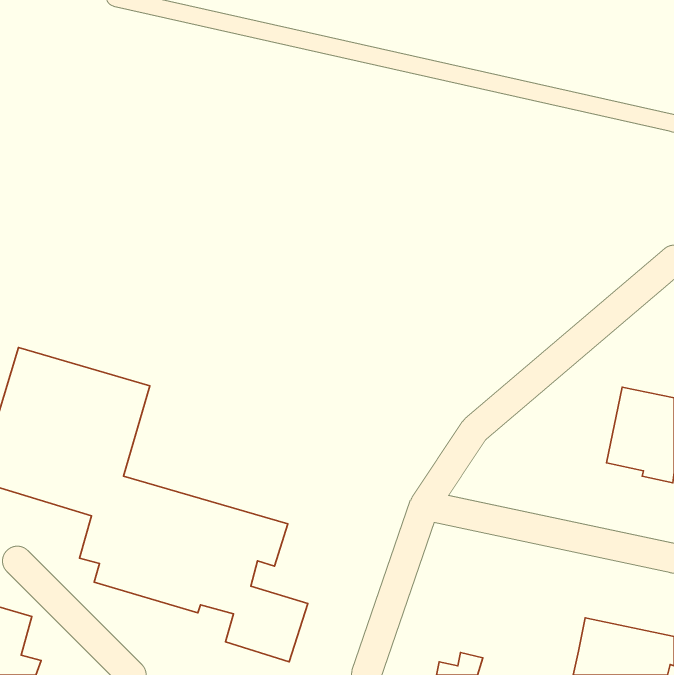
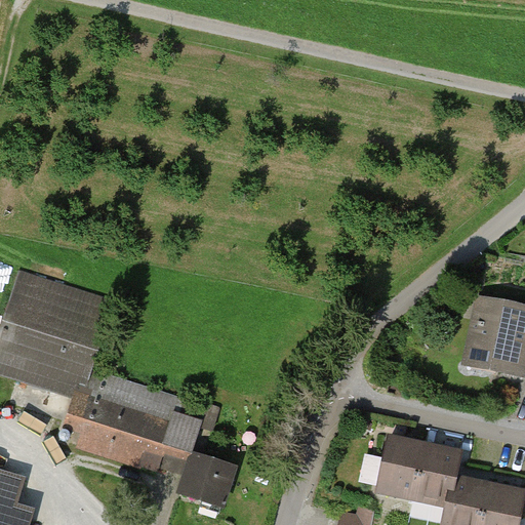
building: none -> [376,439,457,503]

